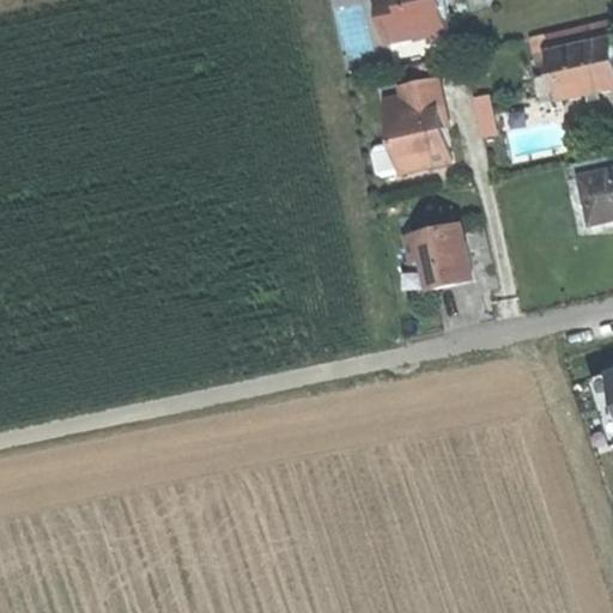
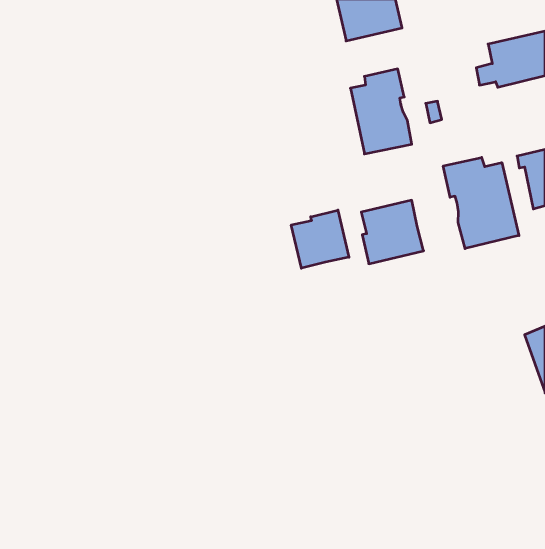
building: none -> [443,157,519,249]
building: none -> [291,210,349,268]

